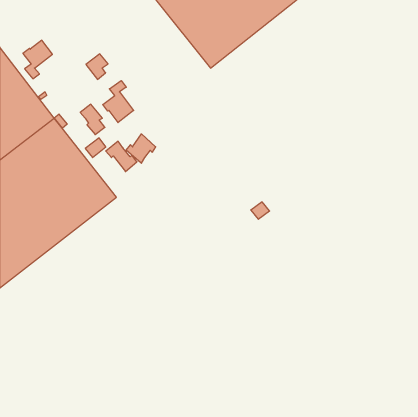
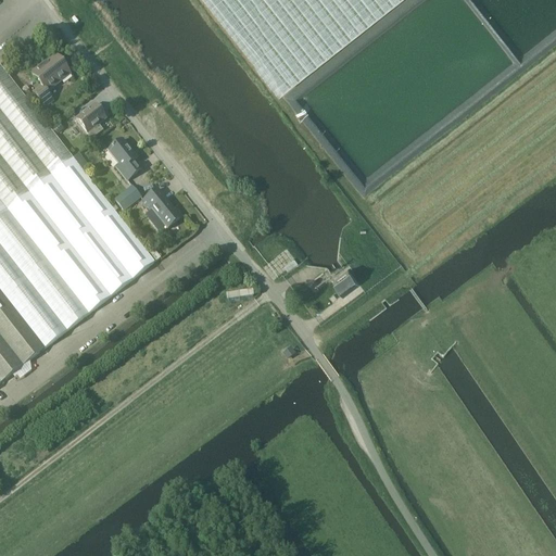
building: [86,54,108,79] -> [76,103,105,137]
building: [103,81,134,123] -> none
building: [126,134,156,163] -> none

